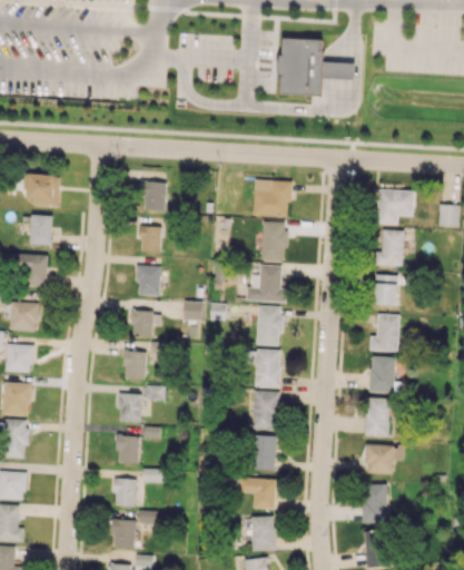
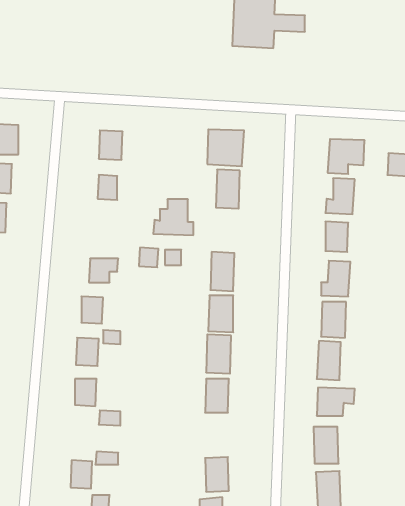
building: [138,265,161,295] -> none
building: [246,265,287,302] -> [153,199,193,235]
building: [239,478,276,509] -> none
building: [115,479,137,505] -> none

